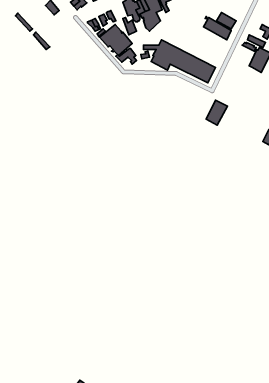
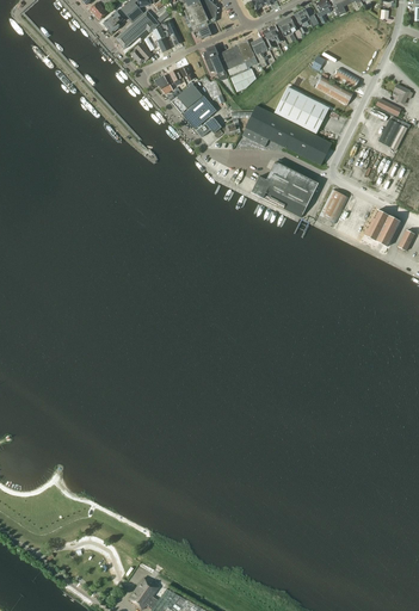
building: none -> [273,86,328,134]
building: none -> [249,161,318,217]
building: none -> [363,210,399,246]

